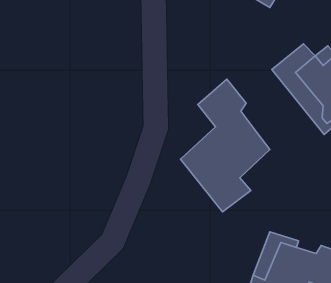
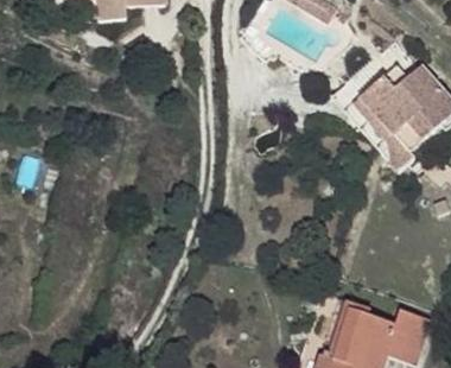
building: [180,79,270,212] -> none

